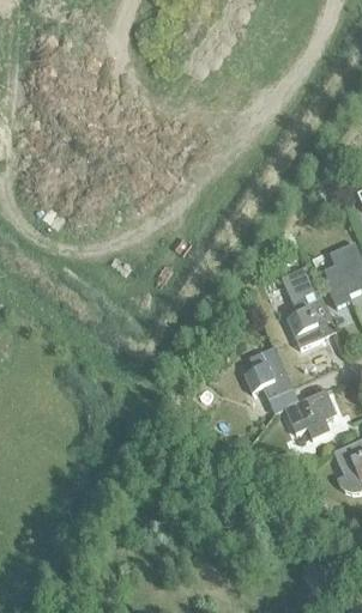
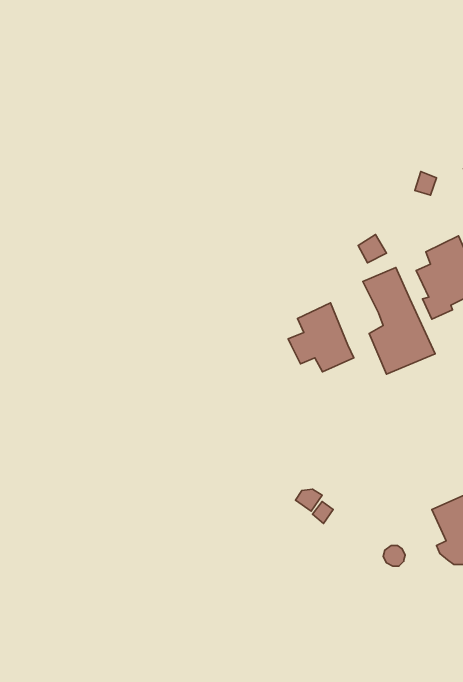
building: [242,346,292,399] -> [288,303,354,372]
building: [285,389,337,438] -> none

